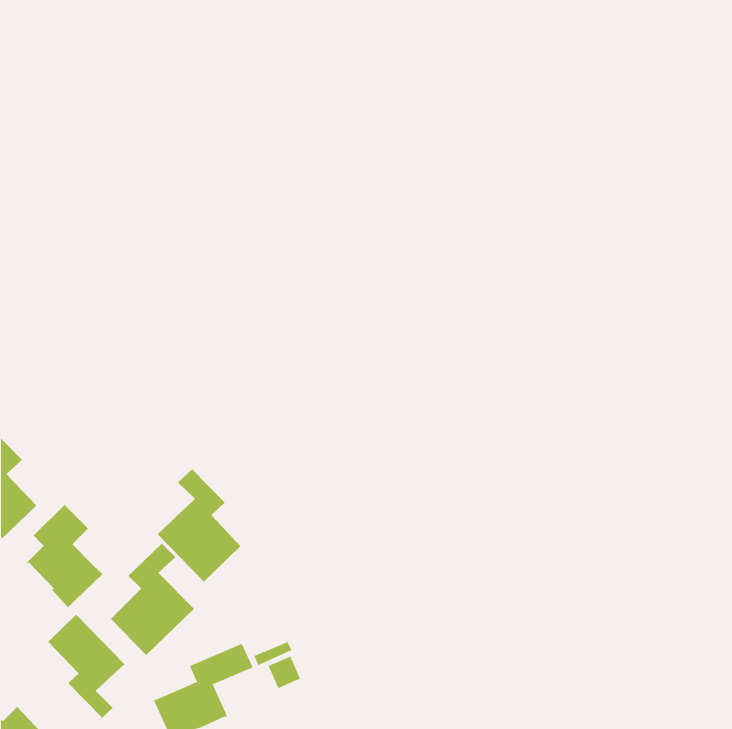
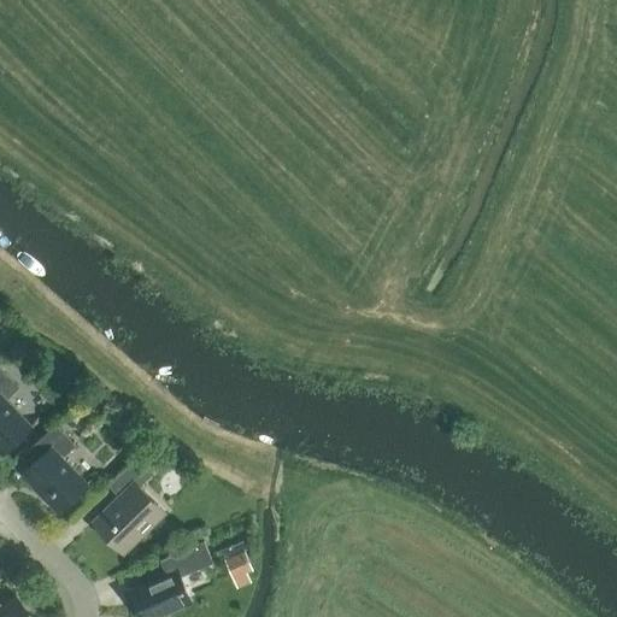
building: [157,469,241,583] -> none
building: [48,614,125,718] -> none

